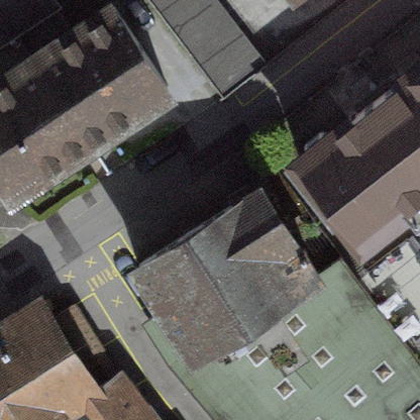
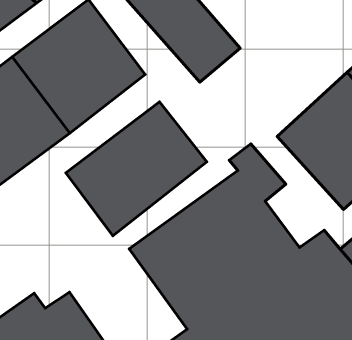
building: none -> [66,102,207,236]

